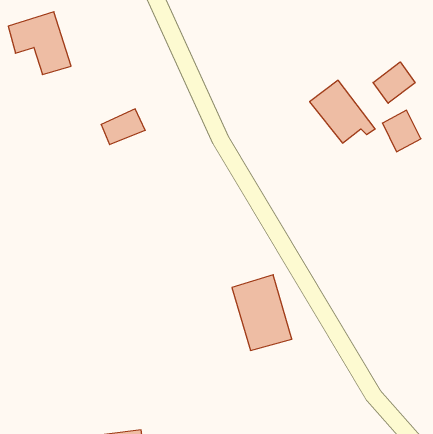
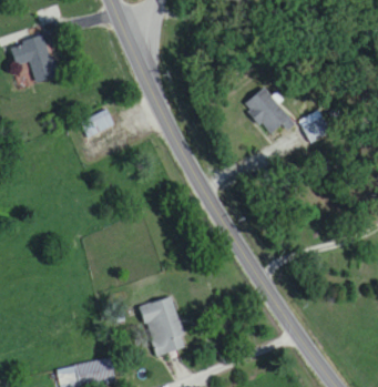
building: [373,62,415,103] -> none
building: [232,275,292,350] -> [140,295,186,354]

